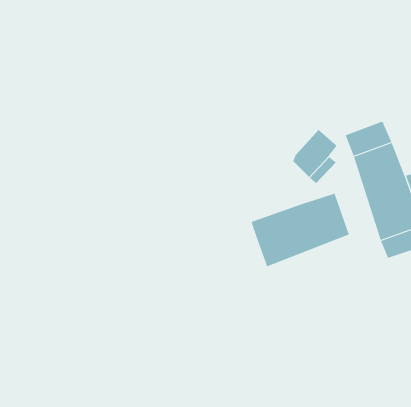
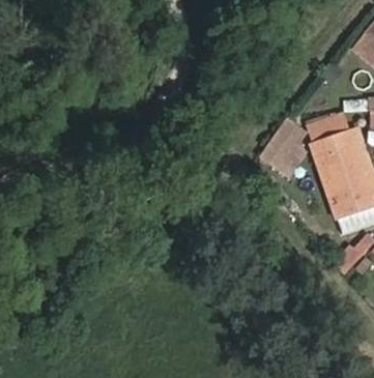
building: [251,193,350,267] -> none

